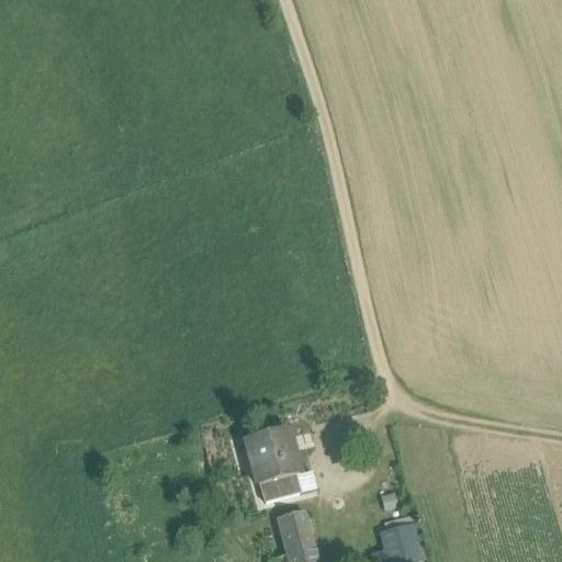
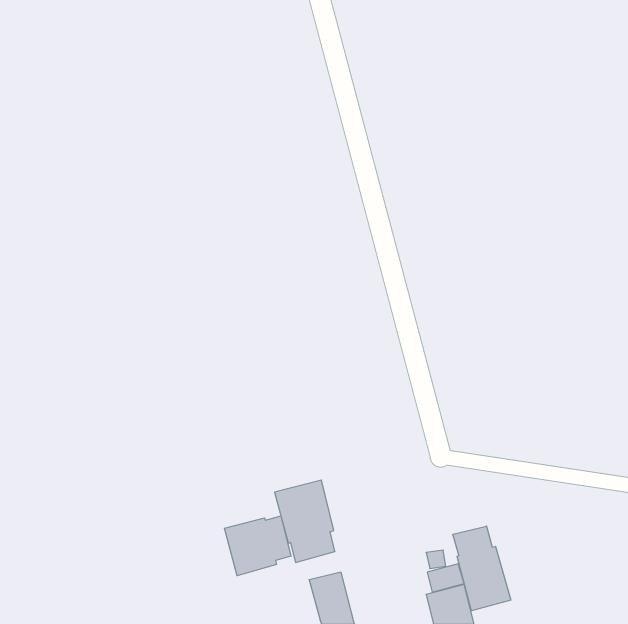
building: none -> [224,516,291,576]
building: none -> [453,526,511,611]

